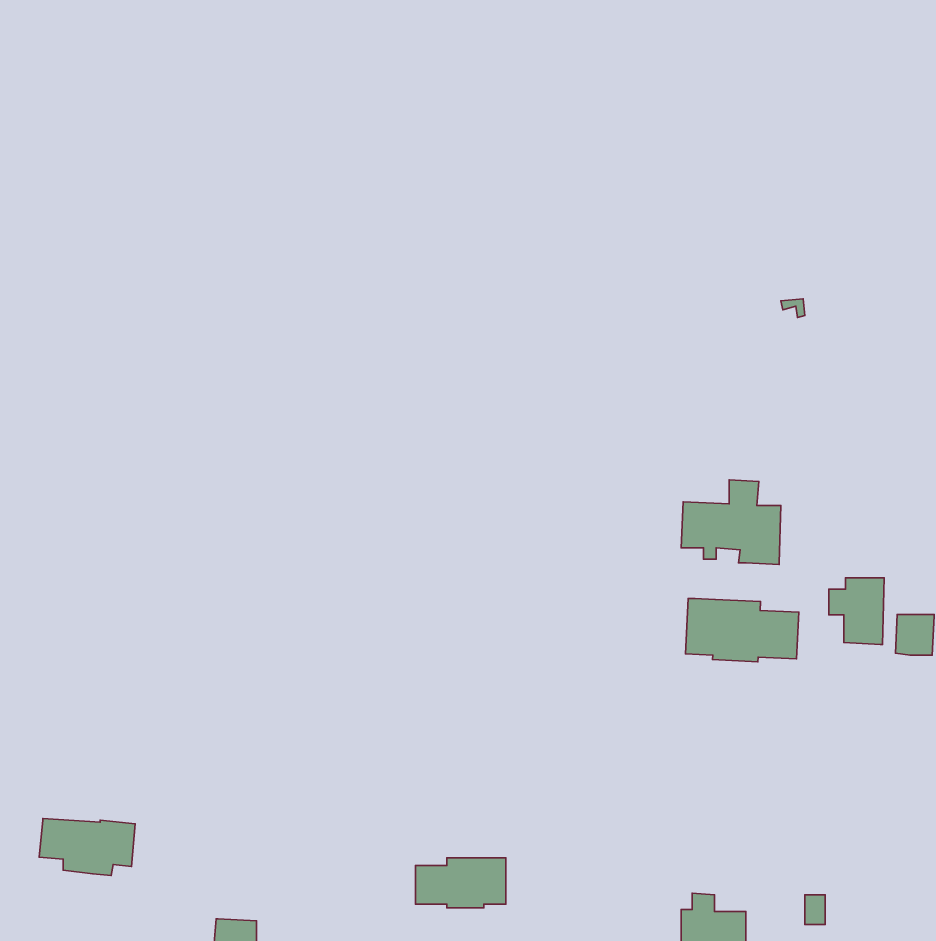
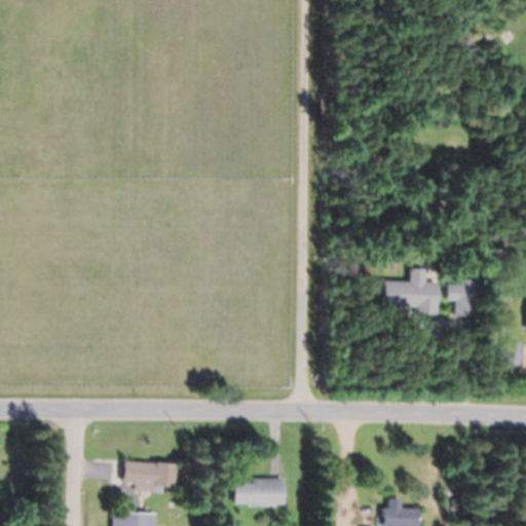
building: [829,578,884,644] -> [448,279,479,316]
building: [686,598,799,662] -> none
building: [39,818,135,876] -> [123,461,177,493]

